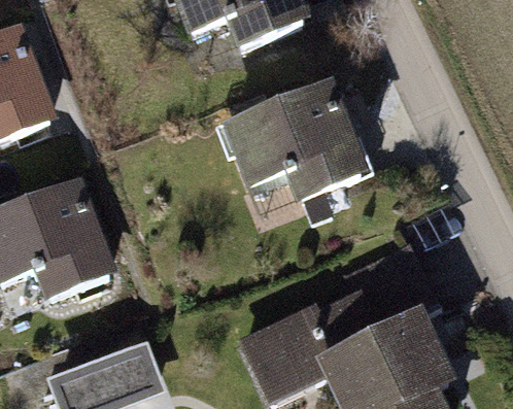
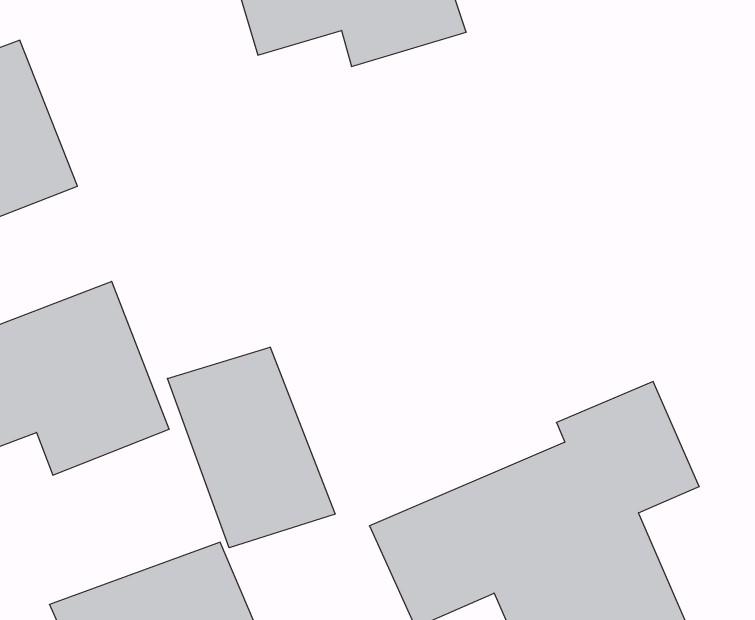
building: [215,77,369,220] -> none
building: none -> [167,347,335,548]

